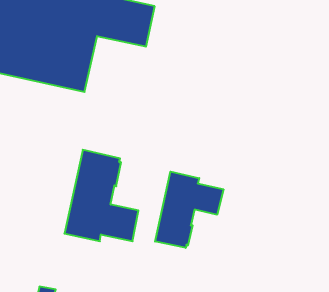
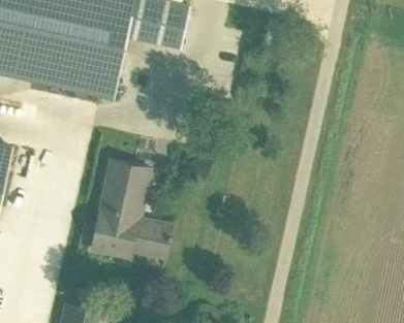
building: [155,172,223,248] -> none

